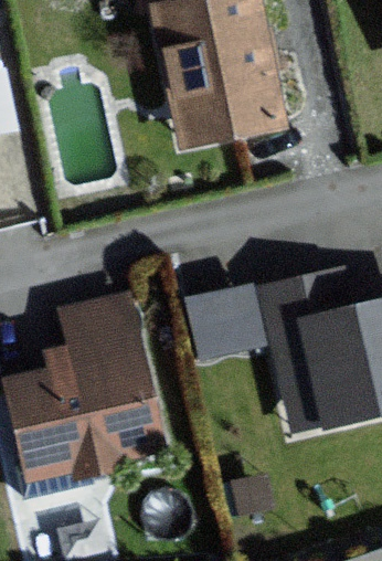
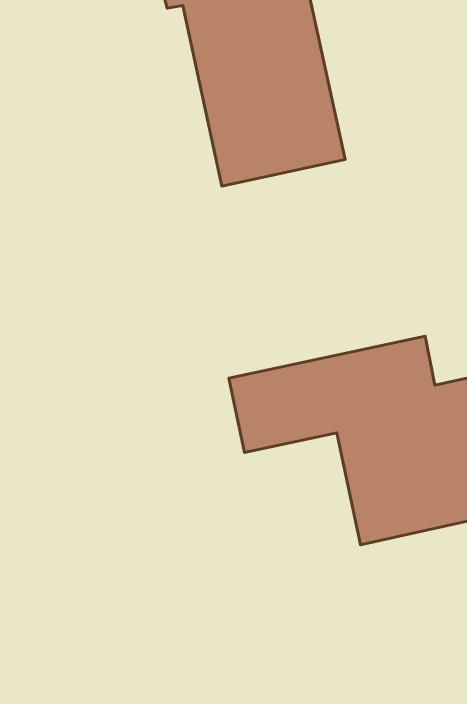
building: [20,293,166,468] -> none

